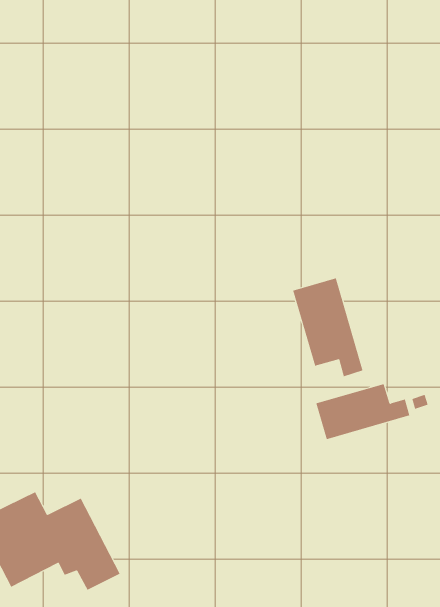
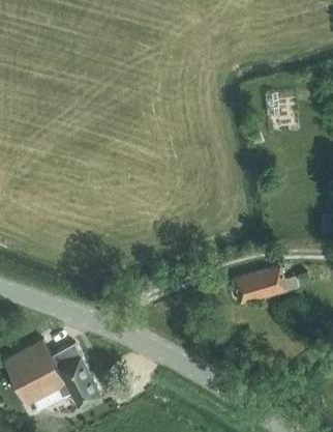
building: [292,277,363,377] -> none

